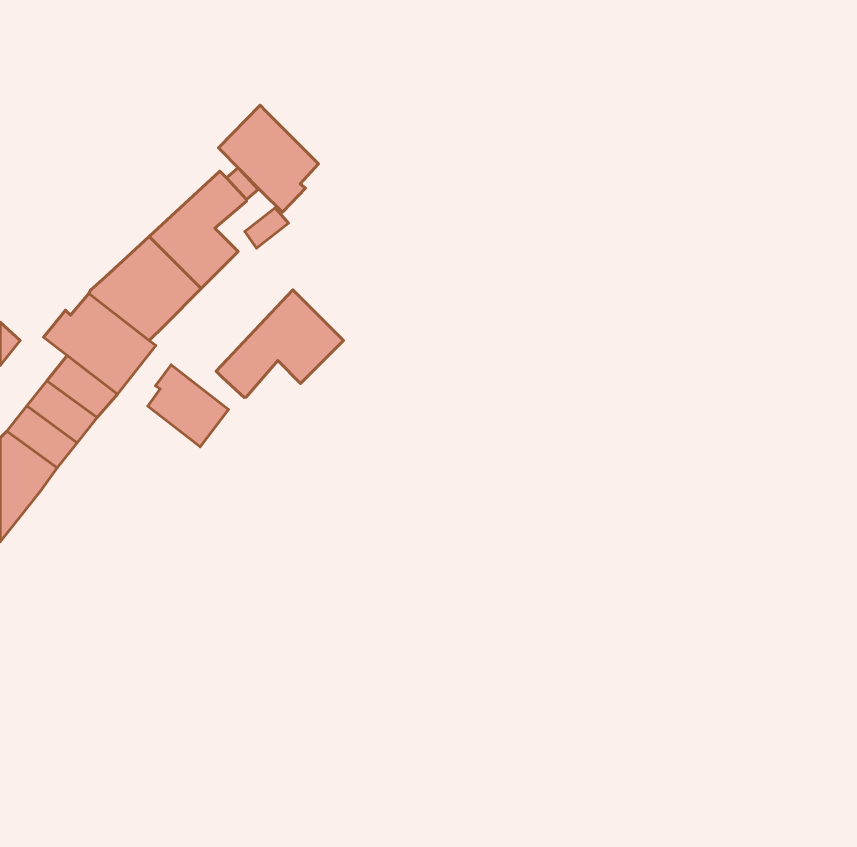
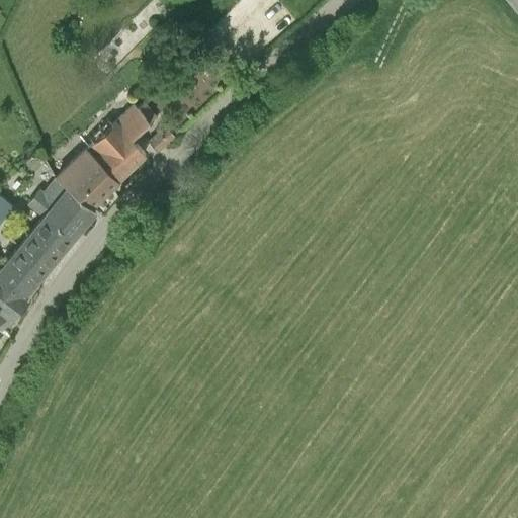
building: [218,105,319,212] -> none
building: [216,290,344,397] -> none
building: [148,365,228,447] -> none

